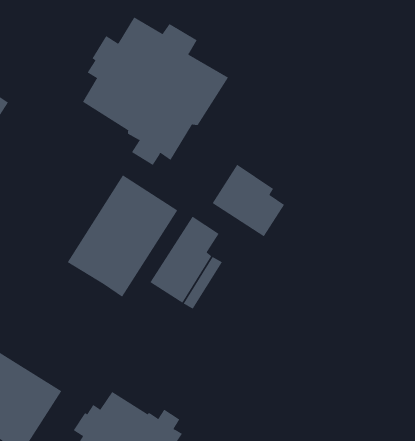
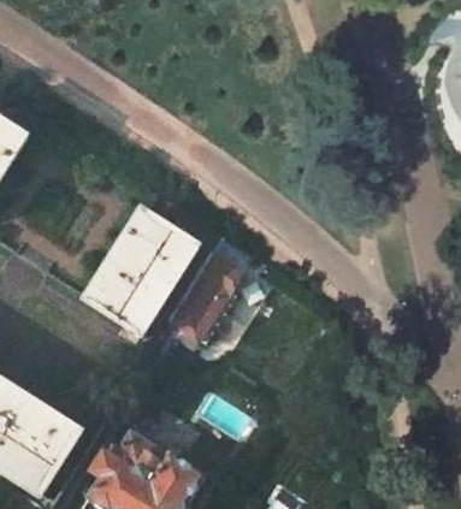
building: [82,16,229,166] -> none
building: [212,164,285,237] -> none

